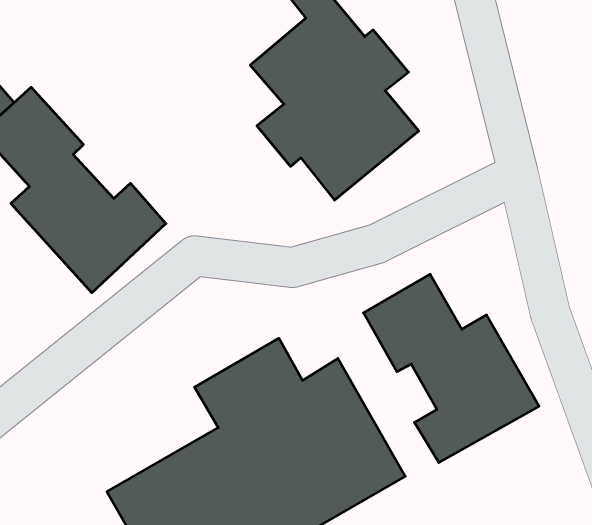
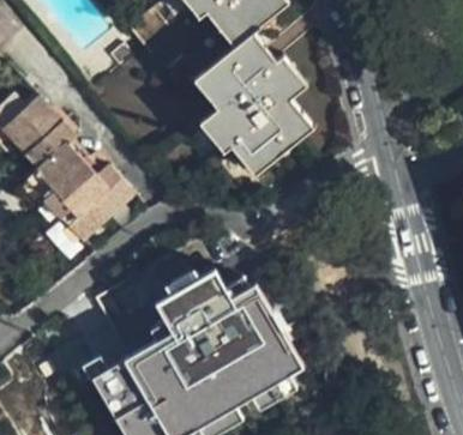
building: [363,274,539,463] -> none

